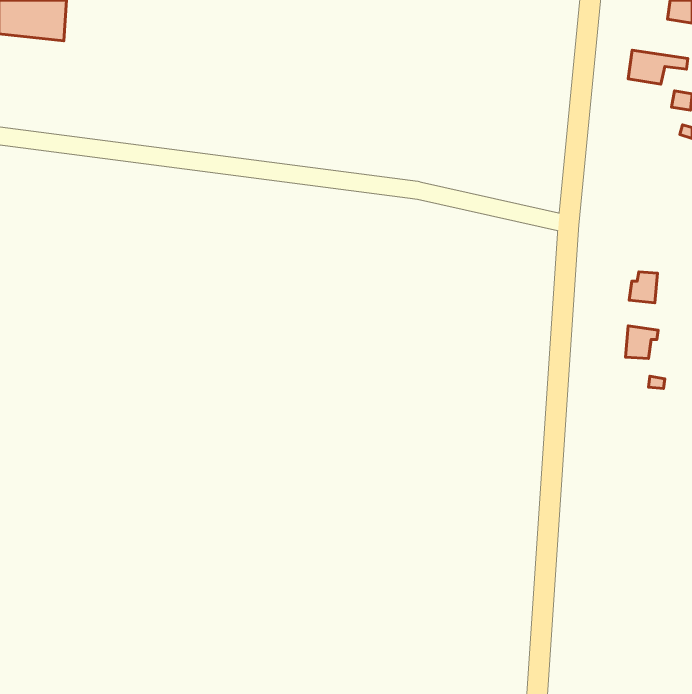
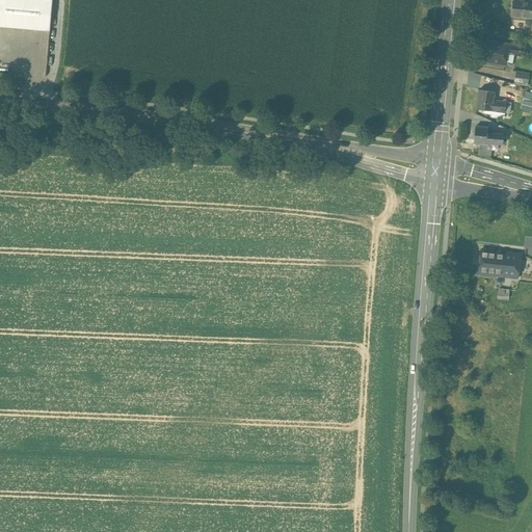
building: none -> [476,88,510,110]
building: none -> [474,124,503,153]
building: [629,272,658,303] -> [497,252,518,276]

